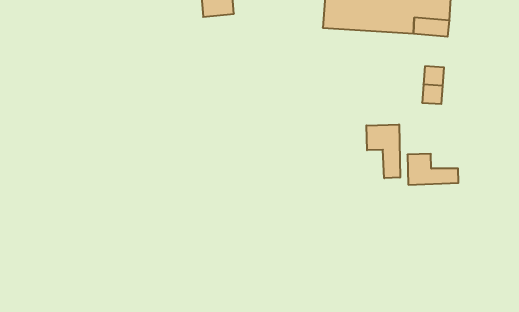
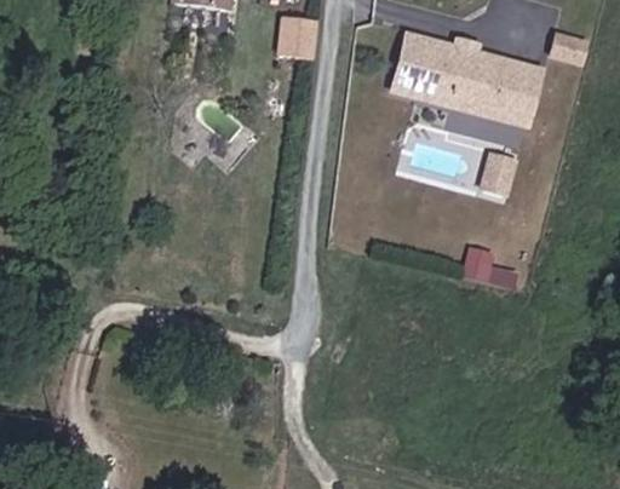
building: [366,124,400,178] -> none

